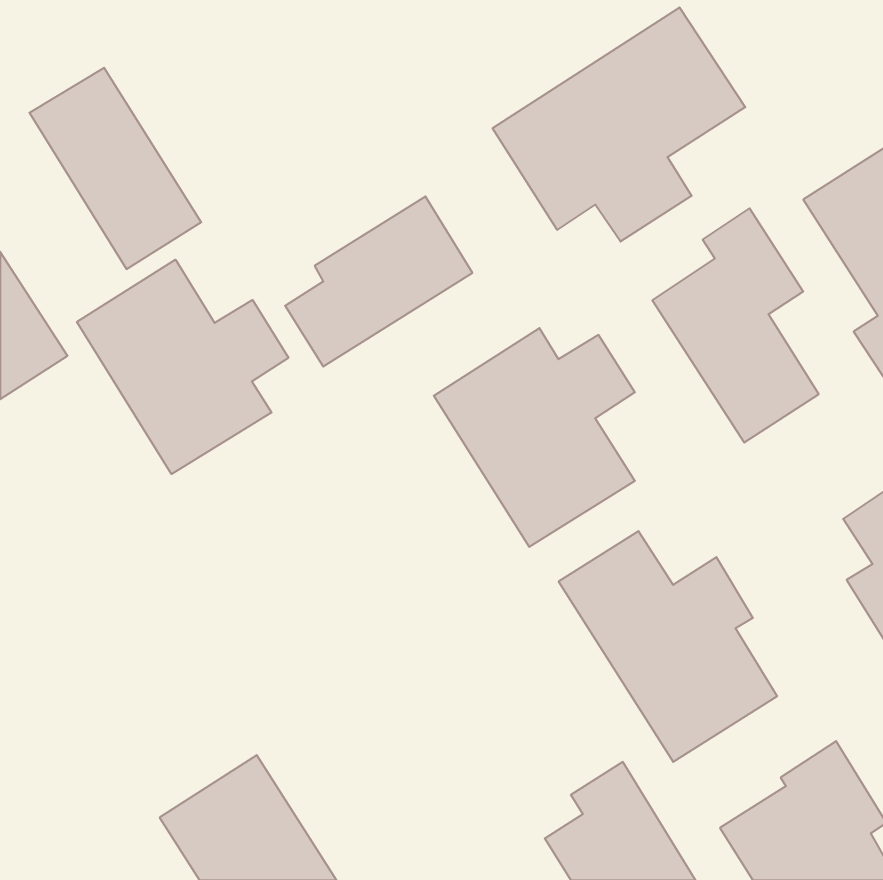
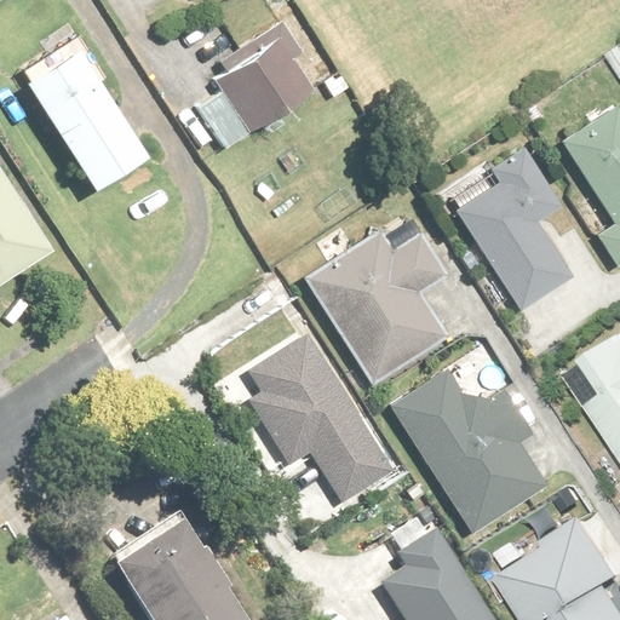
building: [493,7,745,242] -> none
building: [285,196,472,367] -> [197,28,328,147]
building: [77,260,288,474] -> none
building: none -> [248,332,395,501]

